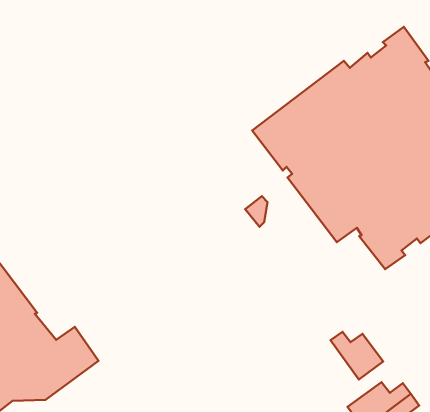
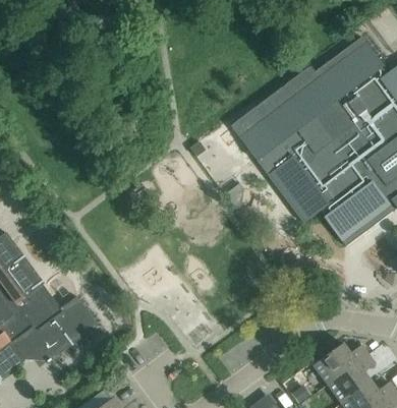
building: [331,332,383,380] -> none

